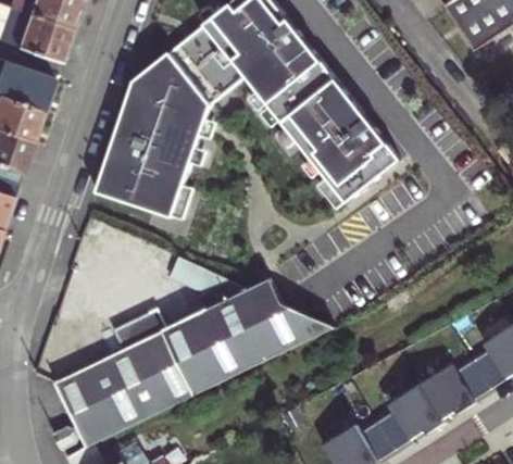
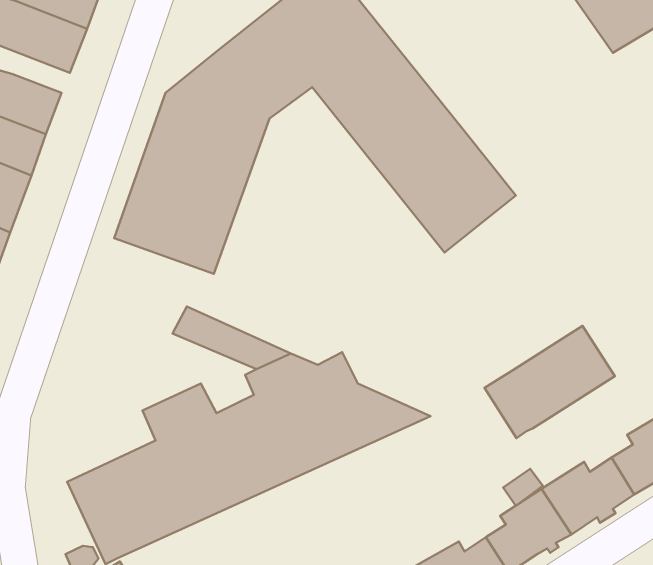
building: none -> [484,326,615,438]

